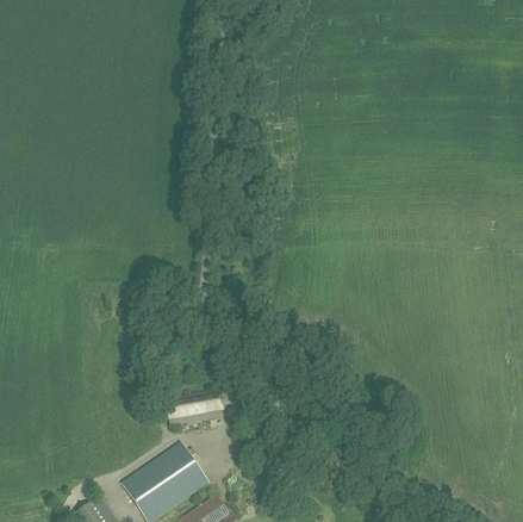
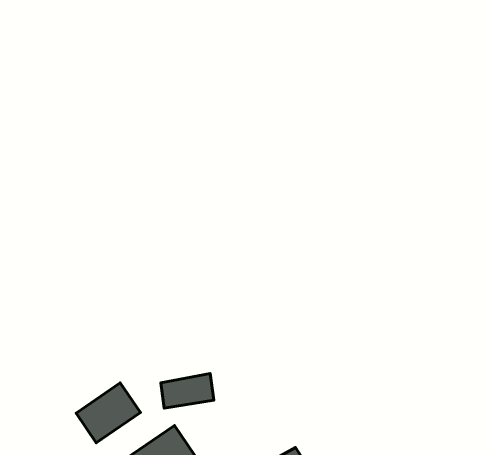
building: none -> [76,383,141,443]

